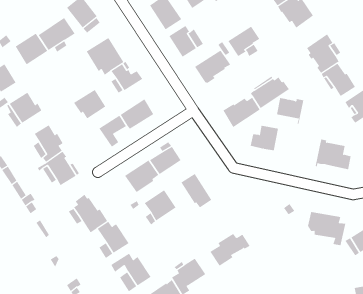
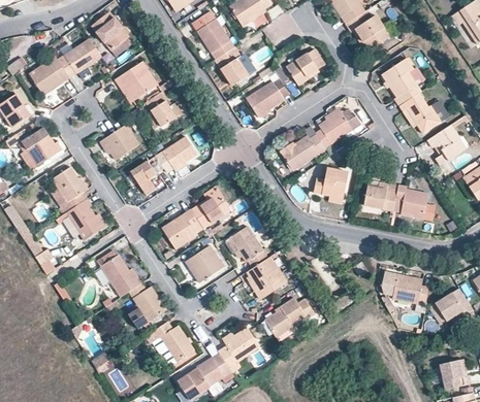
building: [276,97,304,124] -> [363,185,397,216]
building: none -> [246,256,287,299]

